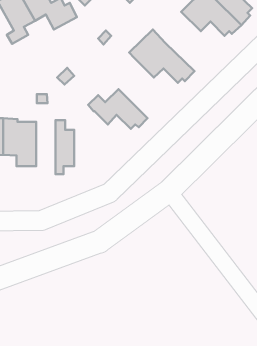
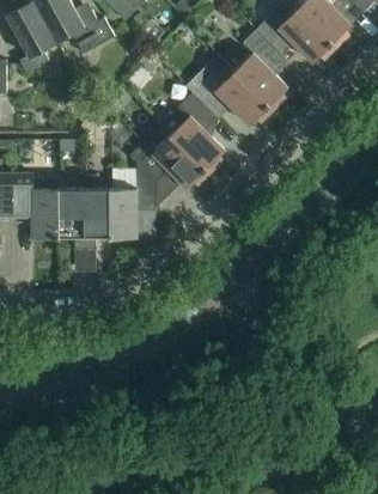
building: none -> [233,30,287,110]
building: none -> [160,92,225,173]
building: none -> [110,164,156,238]
building: none -> [59,189,85,249]

